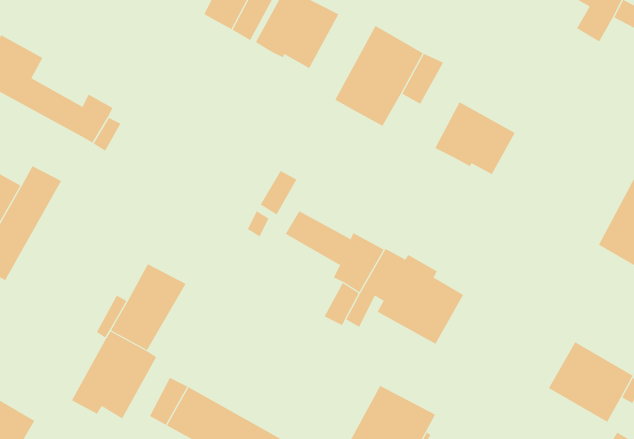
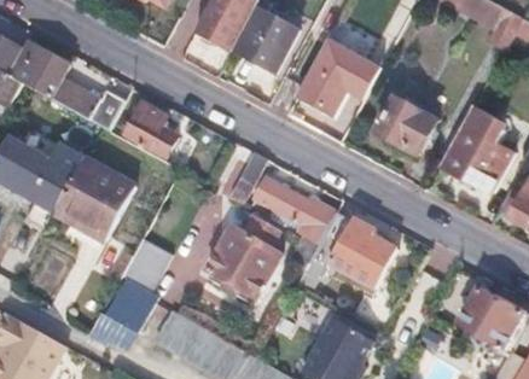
building: none -> [124,103,178,158]
building: none -> [442,105,513,190]
building: none -> [57,157,136,237]
building: none -> [207,222,280,298]

